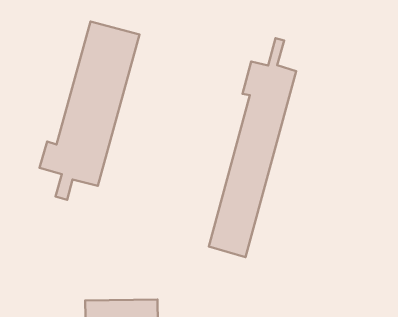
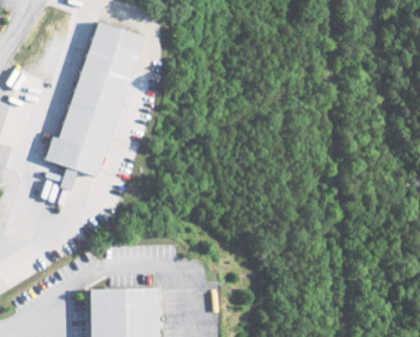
building: [209,38,296,257] -> none

